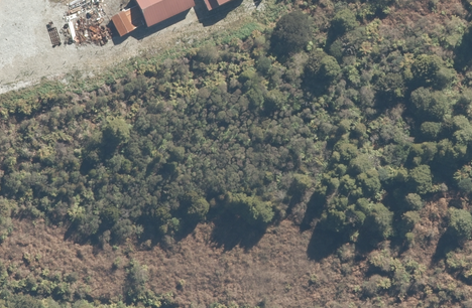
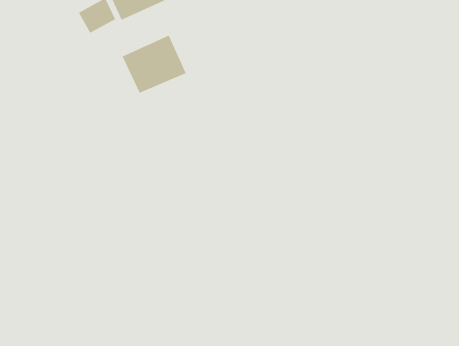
building: none -> [122,34,187,94]

